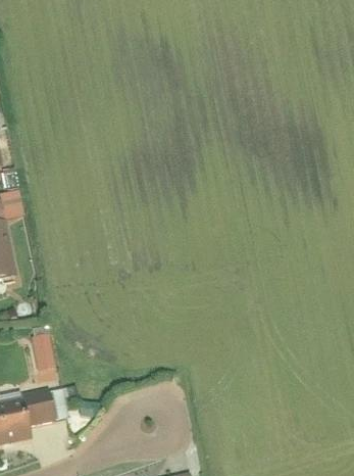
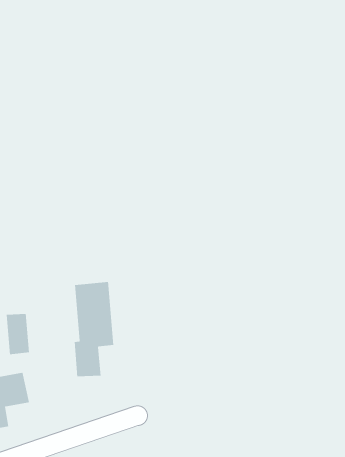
building: none -> [74,281,114,377]

